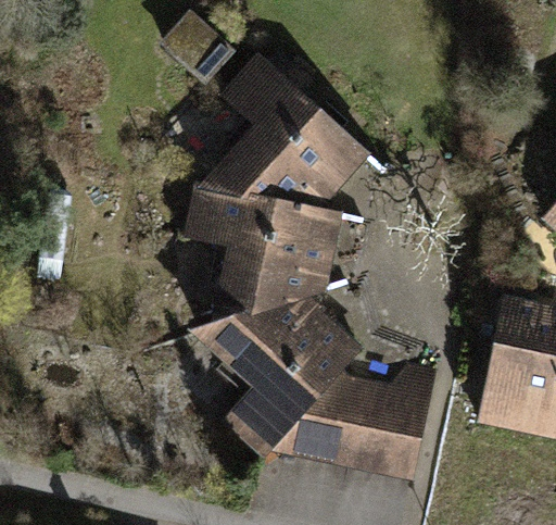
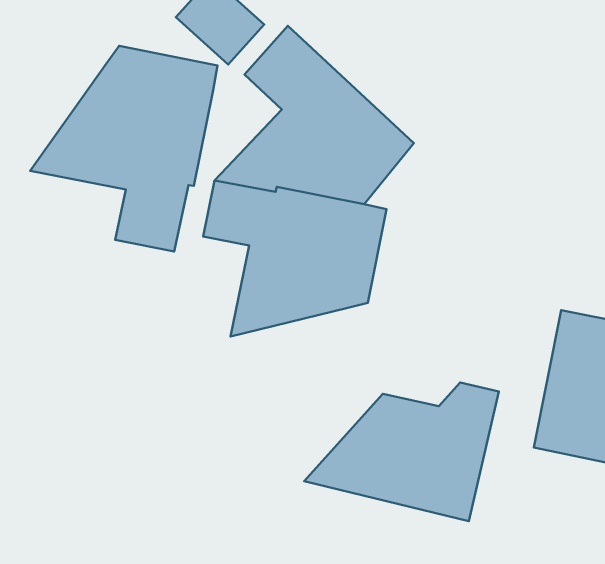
building: none -> [30,46,217,252]
building: [186,298,364,460] -> none

